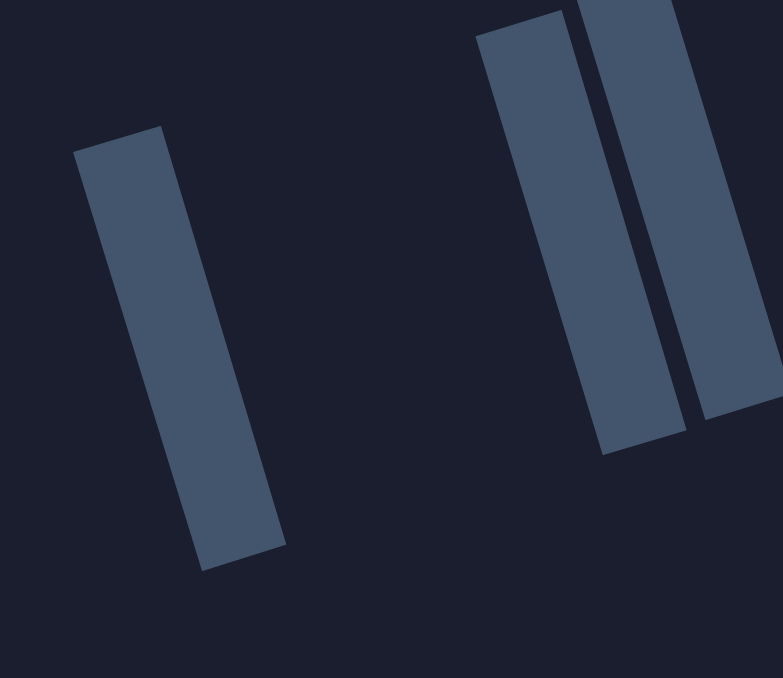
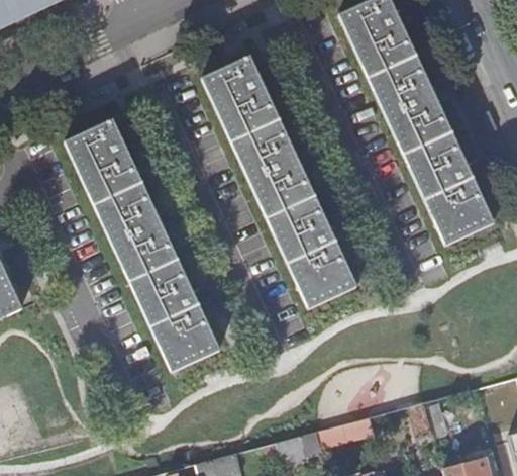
building: [475,9,688,456] -> [203,59,355,309]

